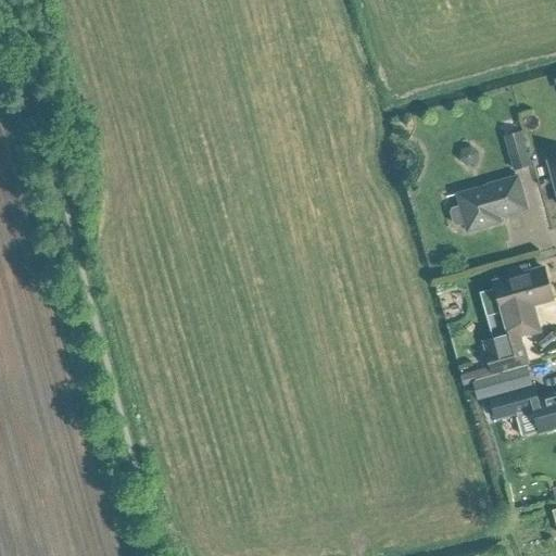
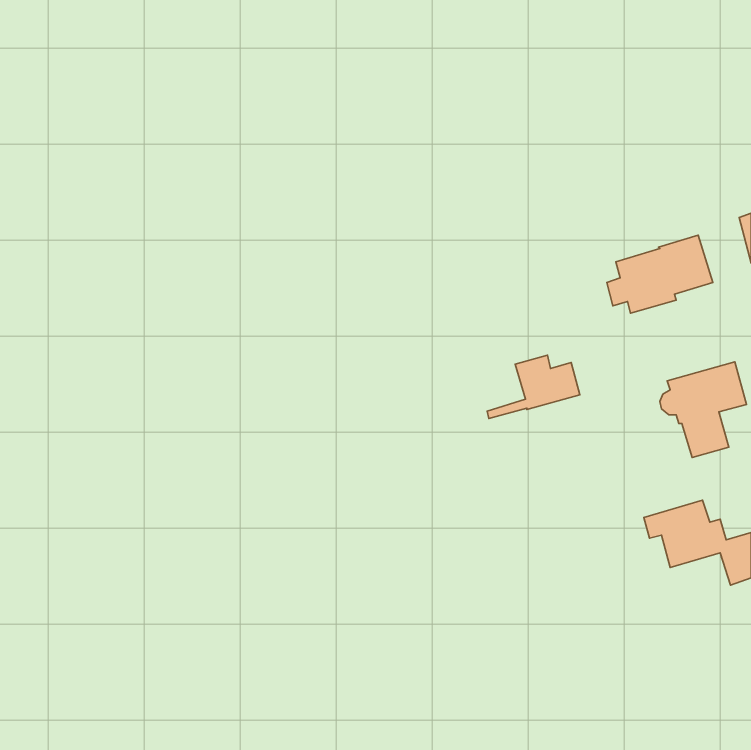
building: [504,132,530,170] -> none
building: [460,334,529,381] -> [487,355,580,418]

